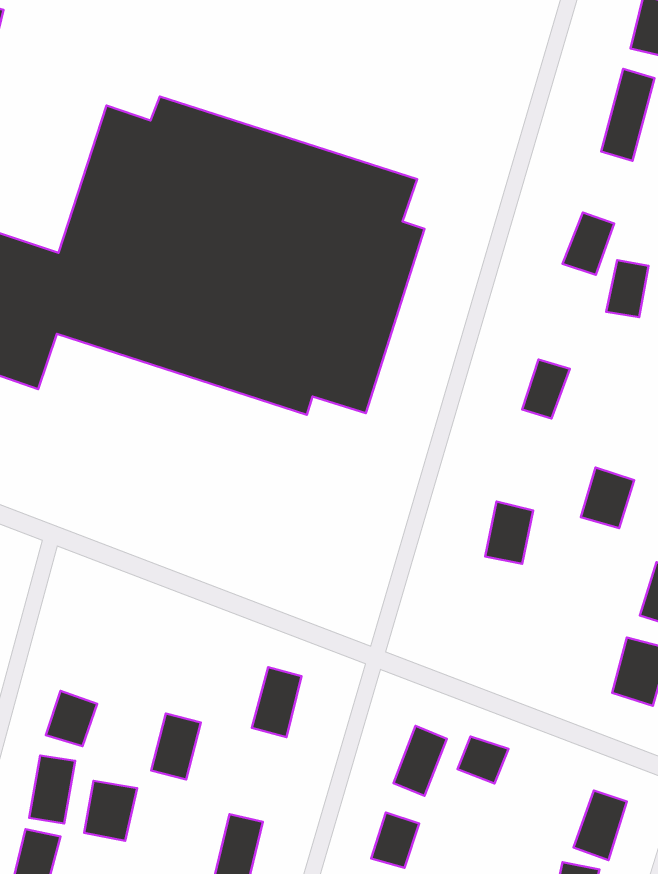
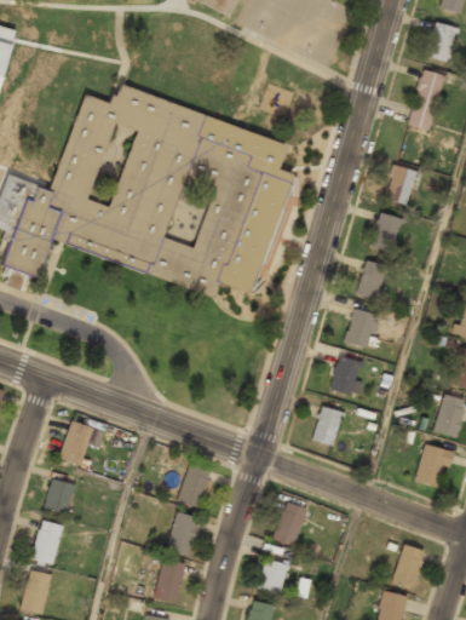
building: [606,260,648,317] -> [373,213,401,251]
building: [581,467,634,528] -> [346,308,381,348]
building: none -> [312,406,344,447]
building: none -> [59,421,93,466]
building: [151,713,201,780] -> [168,512,201,556]
building: [457,736,509,783] -> none
building: [84,781,137,841] -> none

